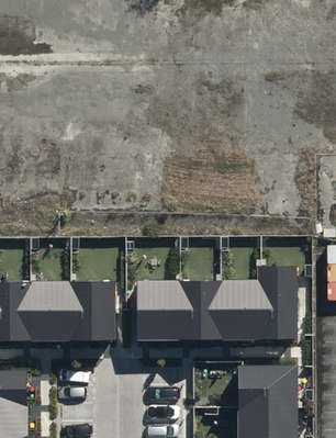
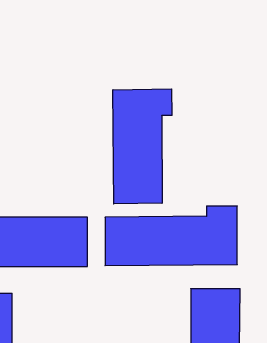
building: none -> [113,89,172,204]

